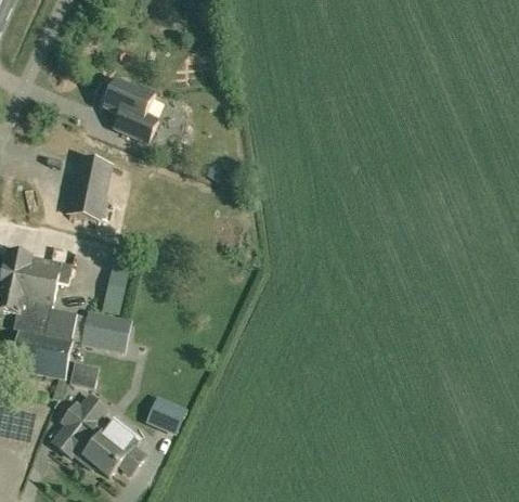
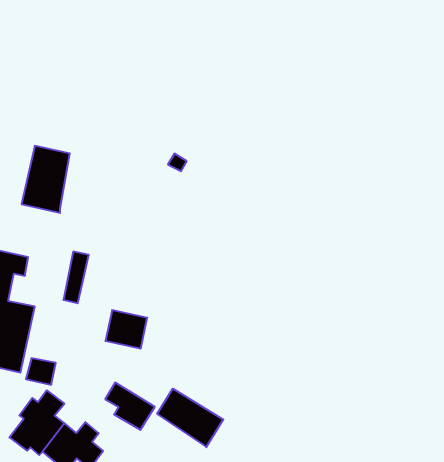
building: [103,80,157,142] -> none
building: [81,313,122,351] -> [105,310,147,349]
building: none -> [157,389,223,447]

